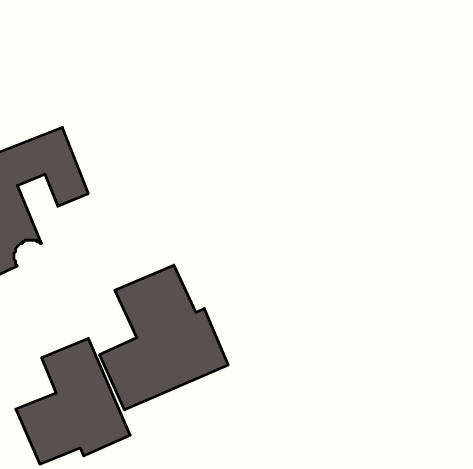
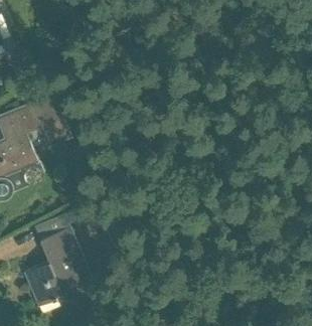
building: [100,265,228,410] -> none

